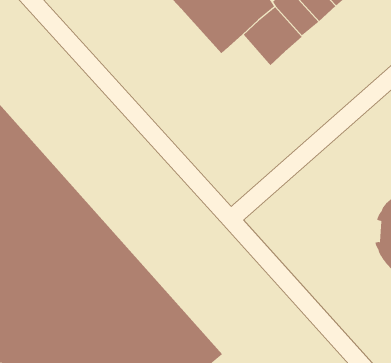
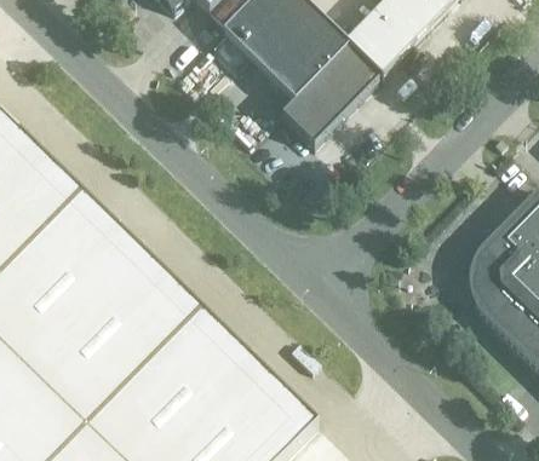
building: none -> [282,76,348,142]

